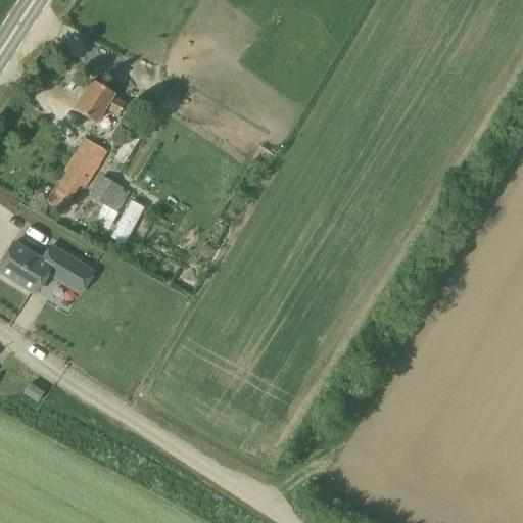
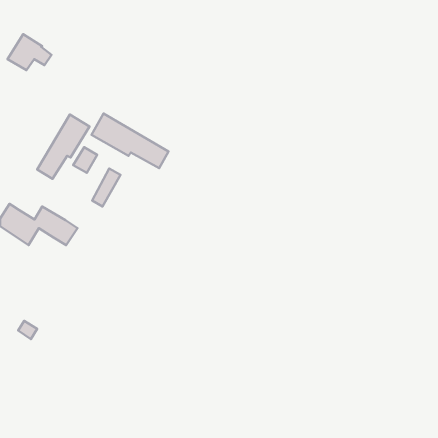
building: [75,78,127,121] -> [8,34,52,70]
building: none -> [91,114,168,168]

